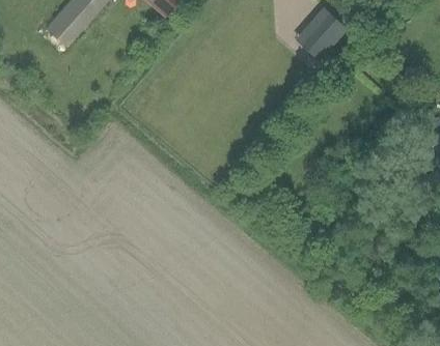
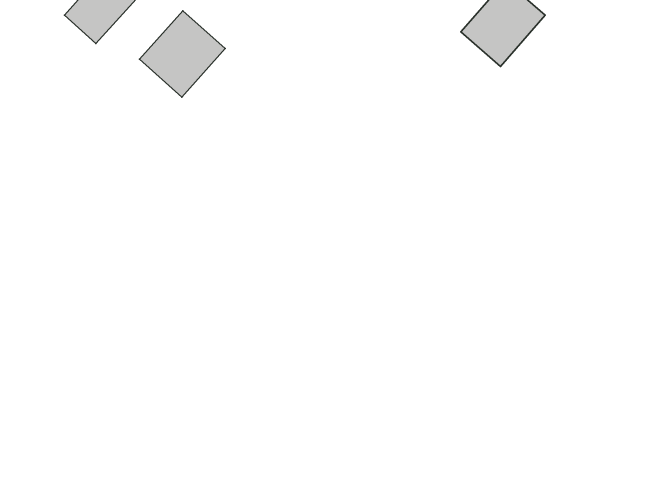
building: none -> [139,11,225,97]

